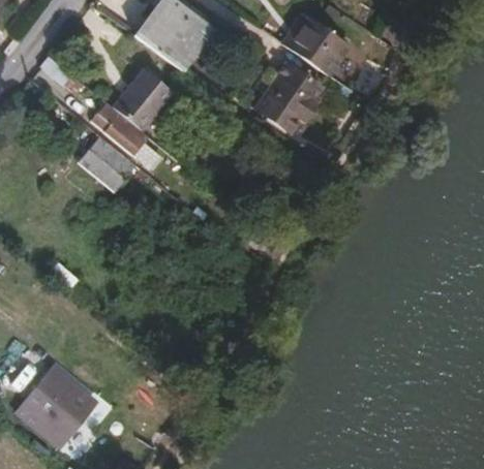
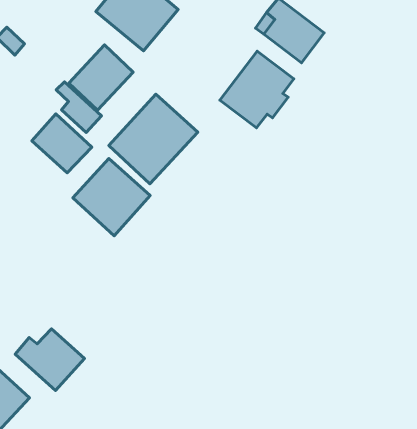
building: none -> [109,94,198,184]
building: none -> [73,159,150,236]
building: none -> [15,329,85,391]

